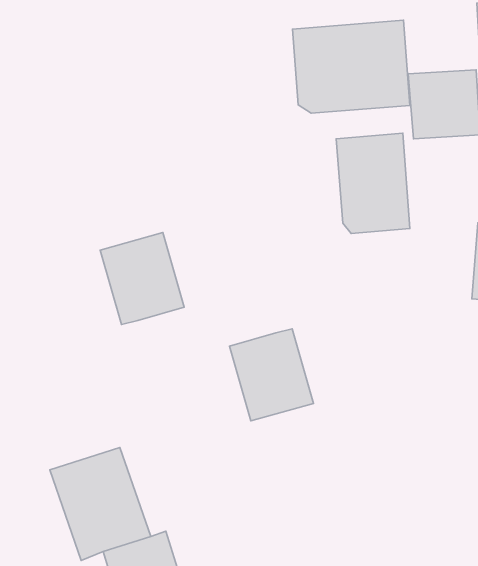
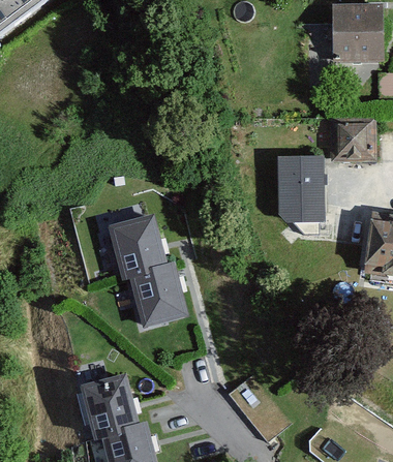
building: [293,20,410,113] -> none
building: [230,329,313,421] -> [134,265,189,326]

